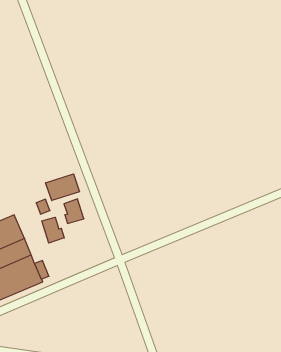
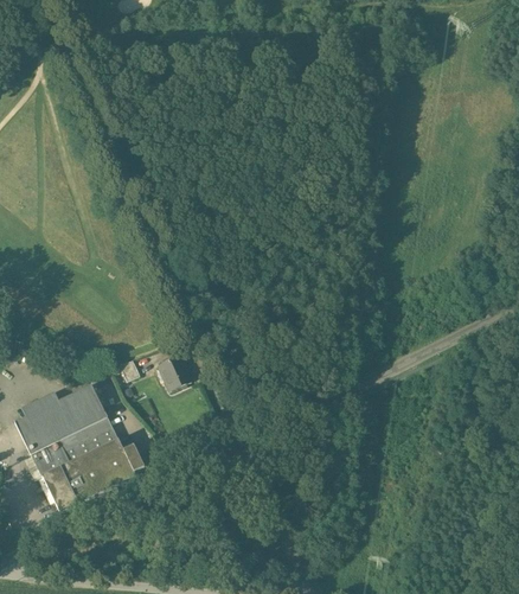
building: [46,174,79,201] -> none
building: [42,217,64,243] -> none

